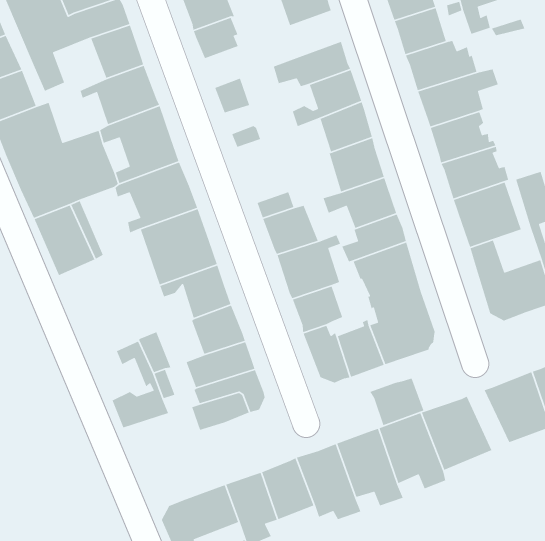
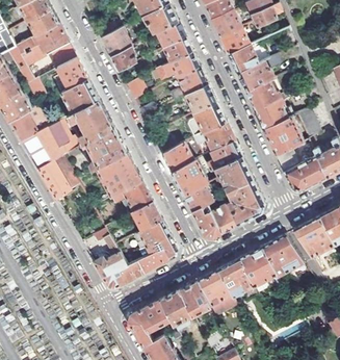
building: none -> [163,35,192,62]
building: [369,378,425,426] -> none
building: none -> [102,260,143,287]

